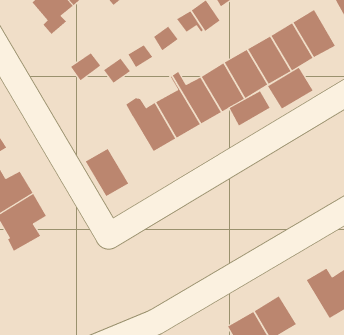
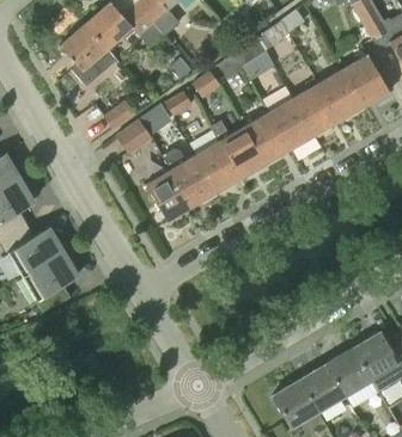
building: [267,67,314,110] -> none
building: none -> [115,118,153,155]
building: [229,90,271,127] -> none
building: [85,148,129,197] -> [145,168,193,221]
building: none -> [329,345,383,393]

